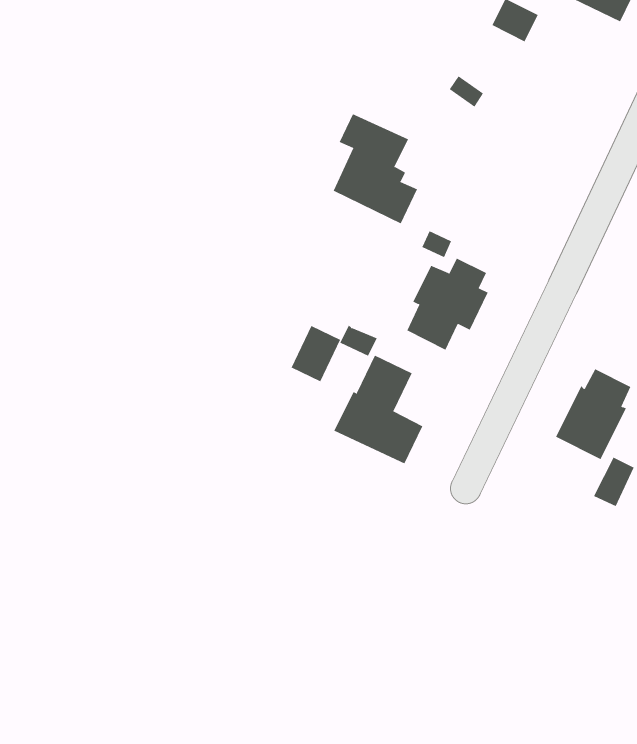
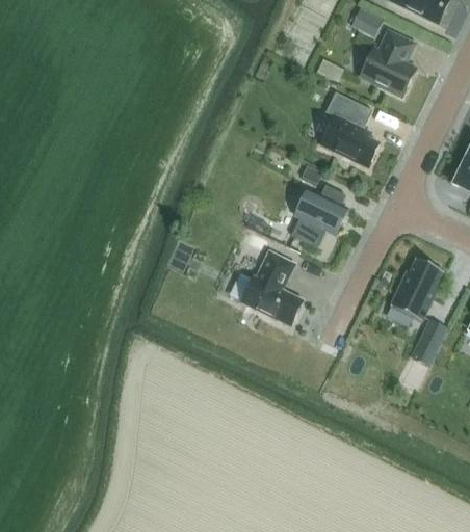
building: none -> [360,29,414,95]
building: [333,113,418,224] -> [320,90,378,166]
building: [291,325,341,382] -> none

